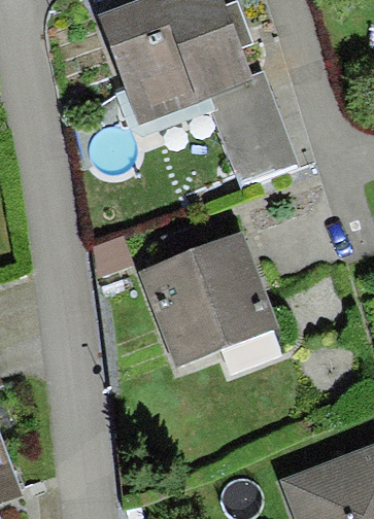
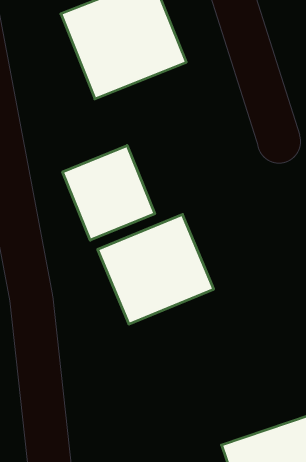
building: [222,82,306,182] -> none
building: none -> [63,145,155,240]

